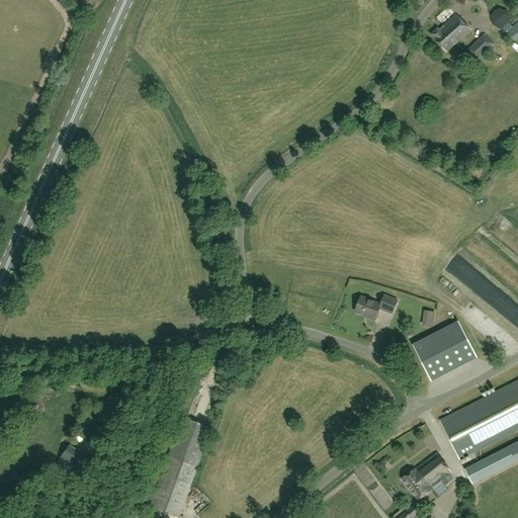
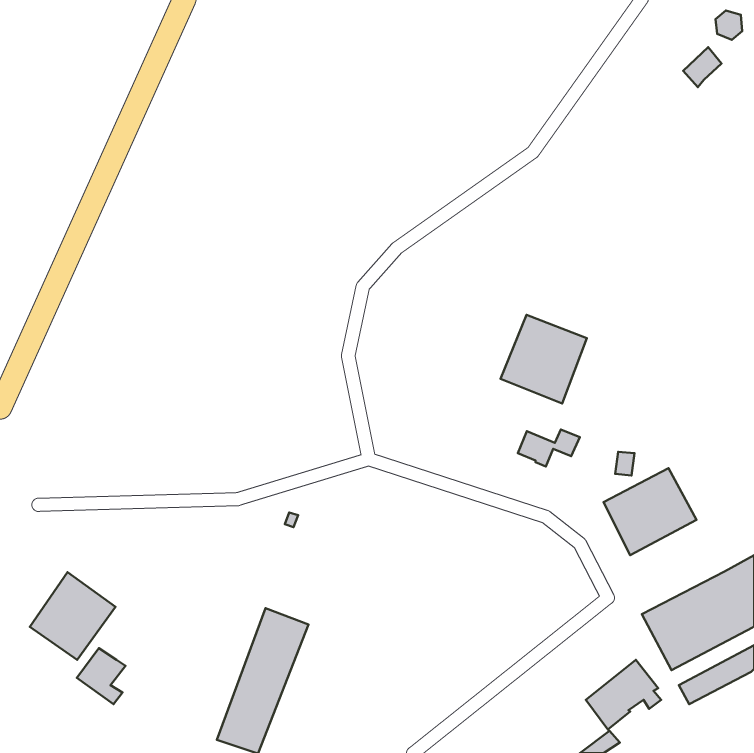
building: [432,13,471,52] -> none
building: none -> [501,315,587,404]
building: none -> [30,572,116,660]

